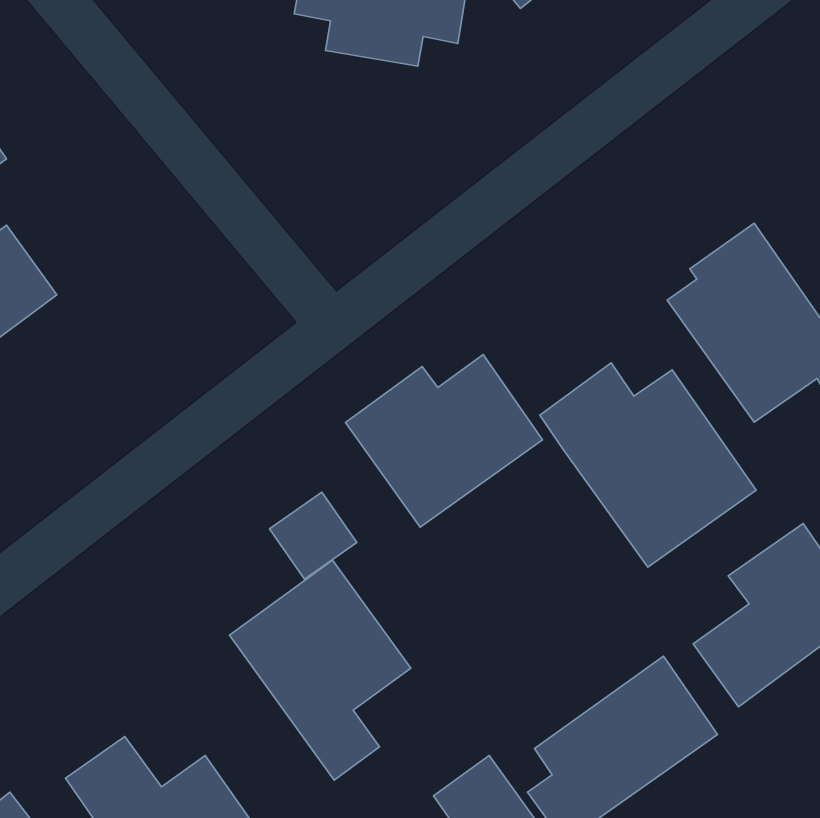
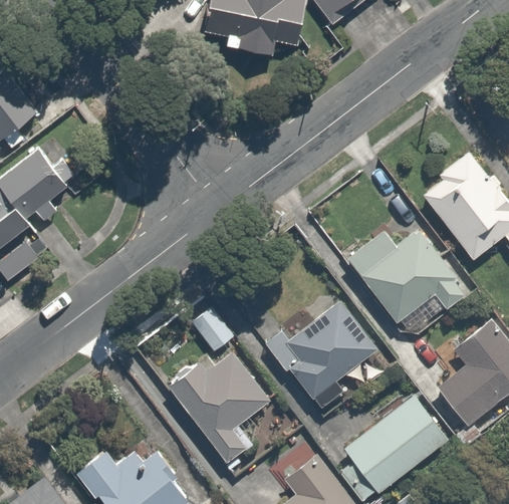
building: [345,354,542,527] -> [264,302,377,402]

